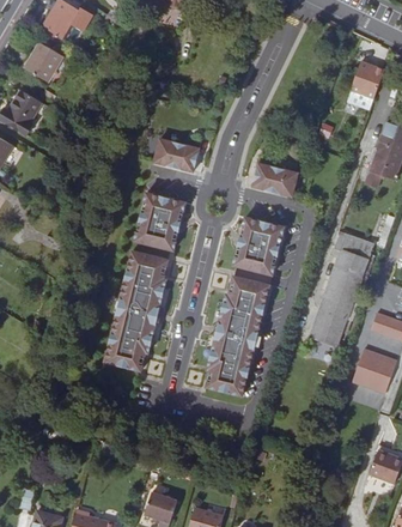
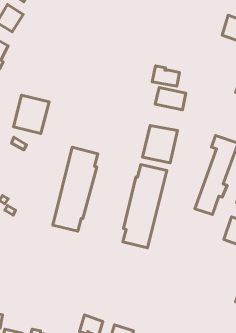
building: none -> [152,66,180,86]
building: [156,139,200,171] -> none
building: [135,193,187,248] -> [13,95,49,133]

